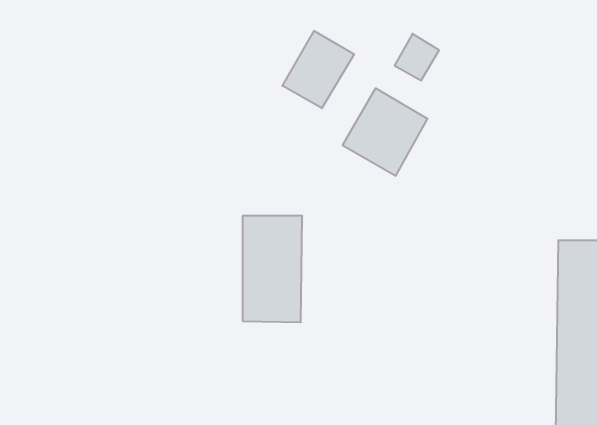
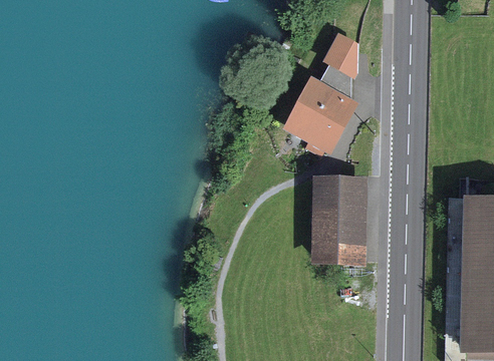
building: [282,31,354,108] -> none
building: [243,216,302,322] -> [316,183,363,267]

